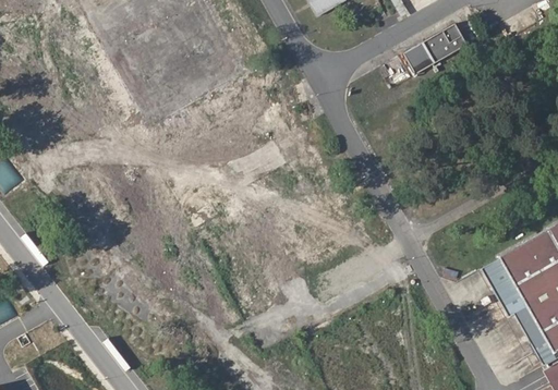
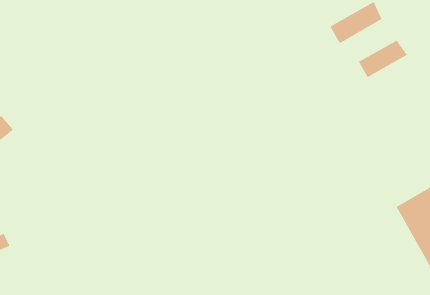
building: none -> [358,40,407,78]

